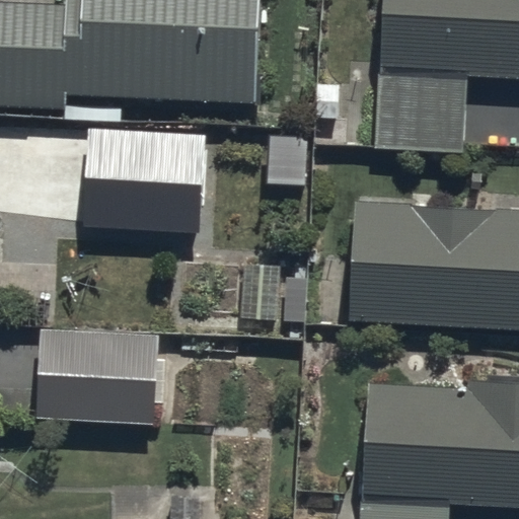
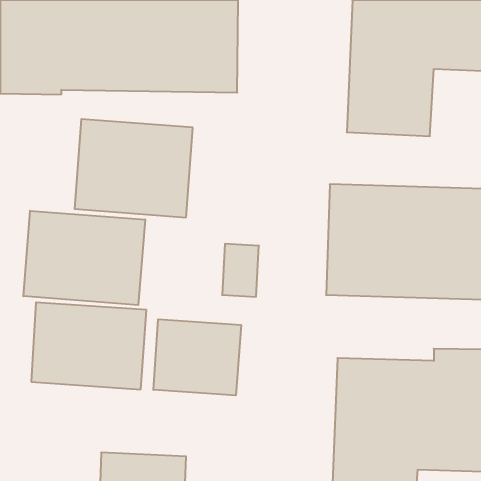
building: none -> [23,211,145,305]
building: none -> [153,319,241,395]

